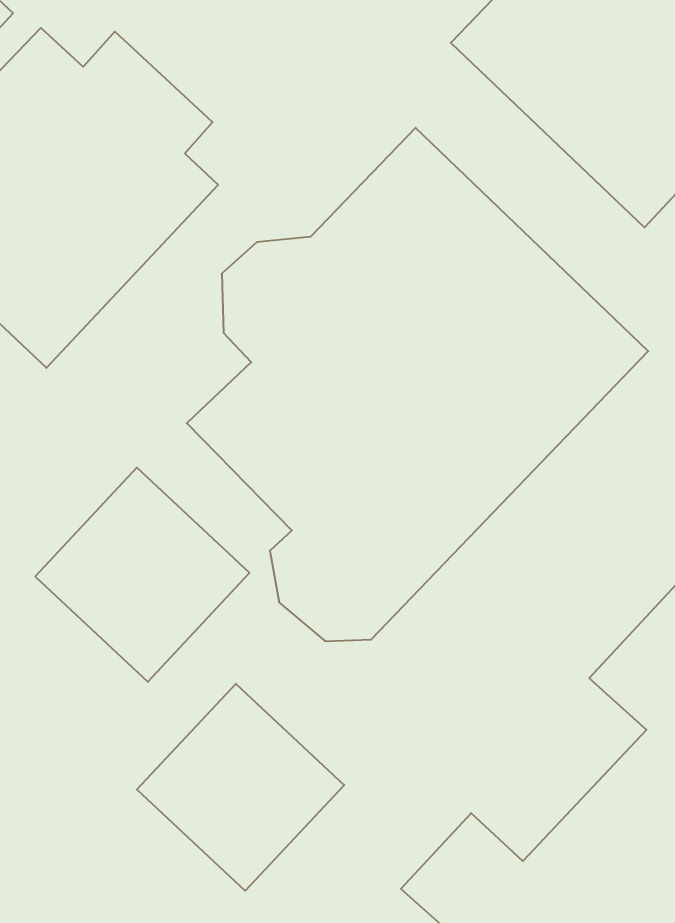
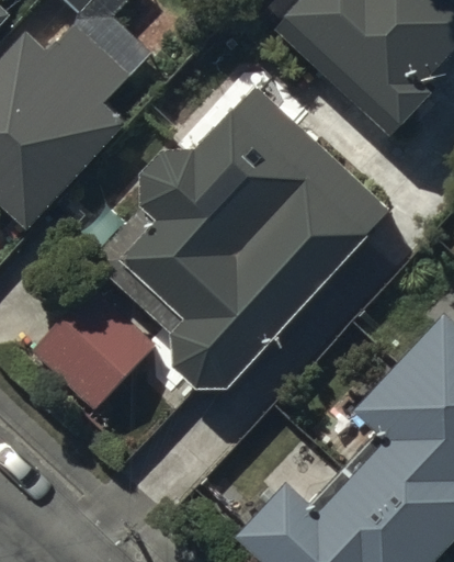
building: [137,684,344,891] -> none

